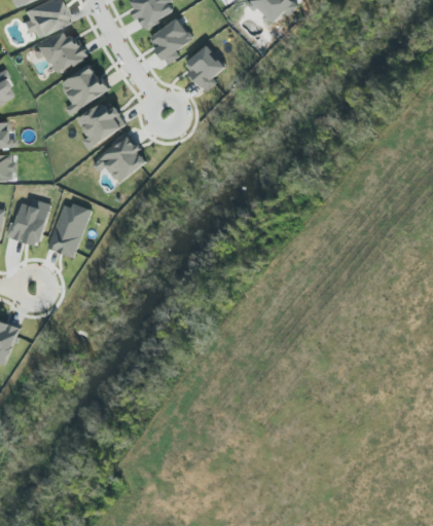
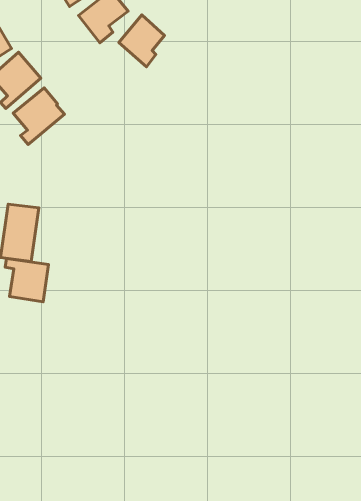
building: [98,136,146,183] -> none
building: none -> [5,258,48,302]

